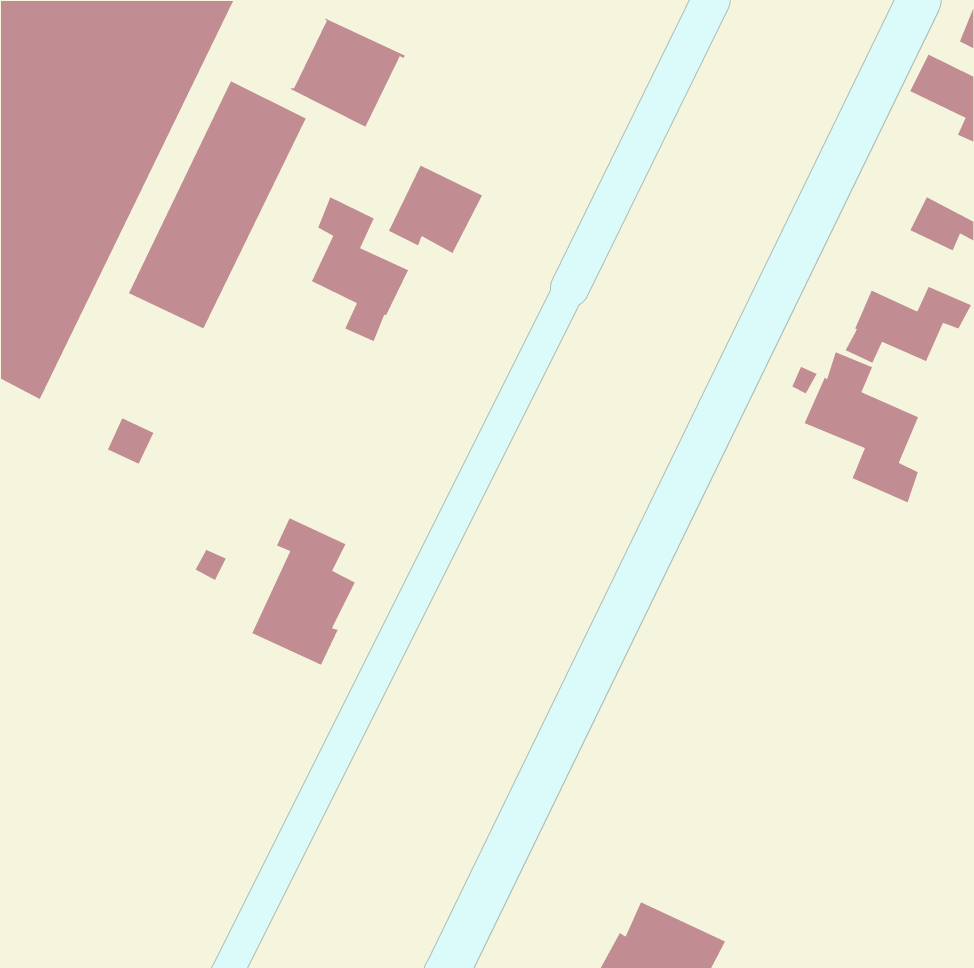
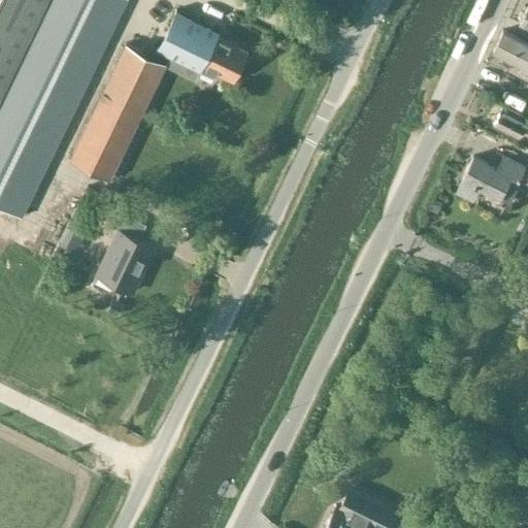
building: [388,165,483,254] -> [198,36,250,85]
building: [311,196,409,342] -> none
building: [804,351,919,503] -> none
building: [251,517,356,666] -> [95,212,152,293]

